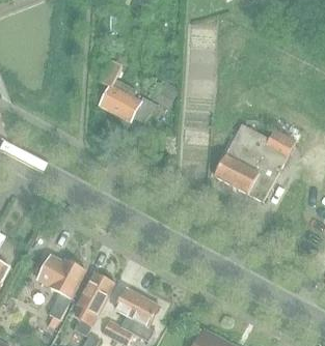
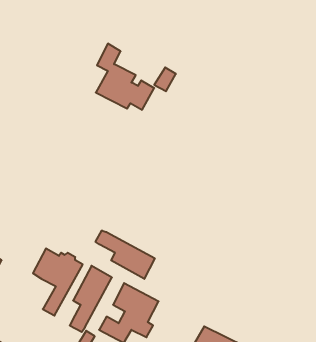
building: [214,124,295,202] -> none
building: none -> [96,230,155,279]

